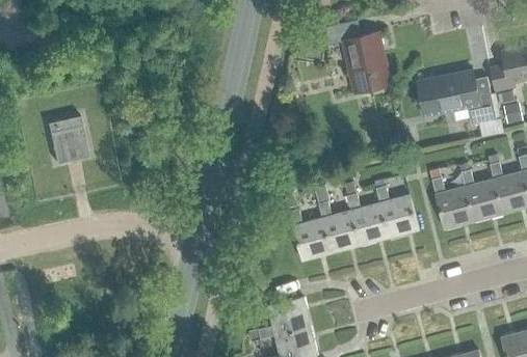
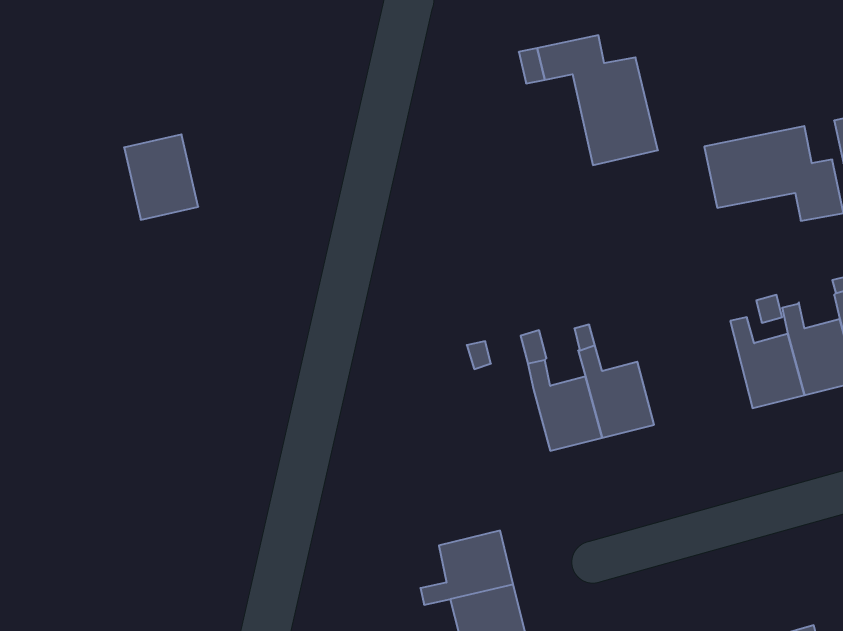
building: [47,115,88,163] -> [124,134,198,220]
building: [375,186,418,238] -> none
building: [289,209,331,260] -> none

